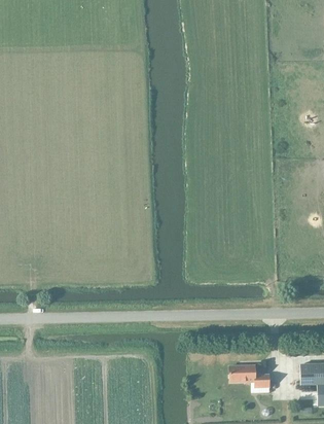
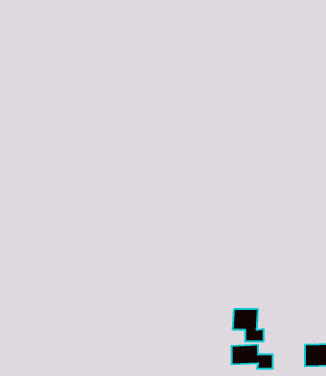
building: none -> [233,309,263,342]

